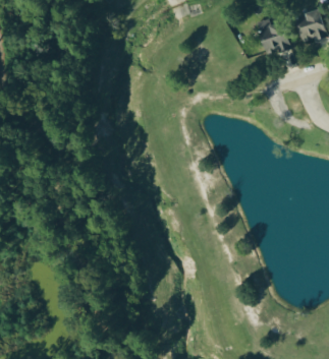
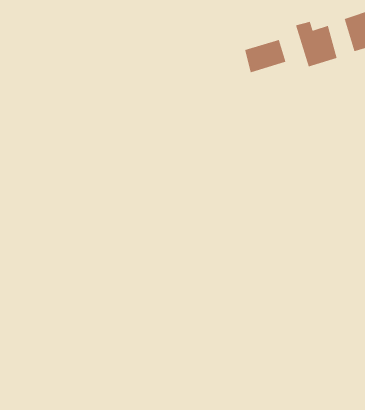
building: none -> [245,39,286,73]

